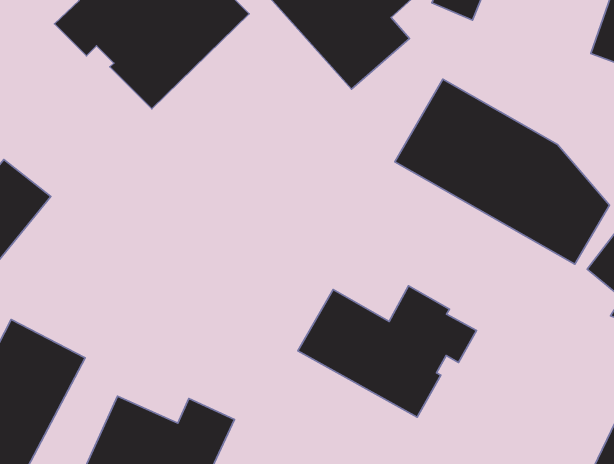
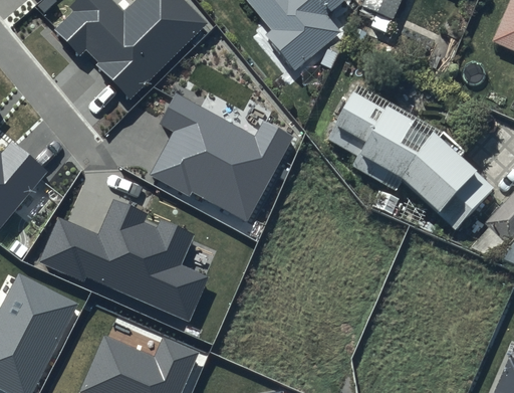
building: none -> [152,90,296,222]
building: none -> [37,201,209,322]
building: [298,286,477,417] -> none

